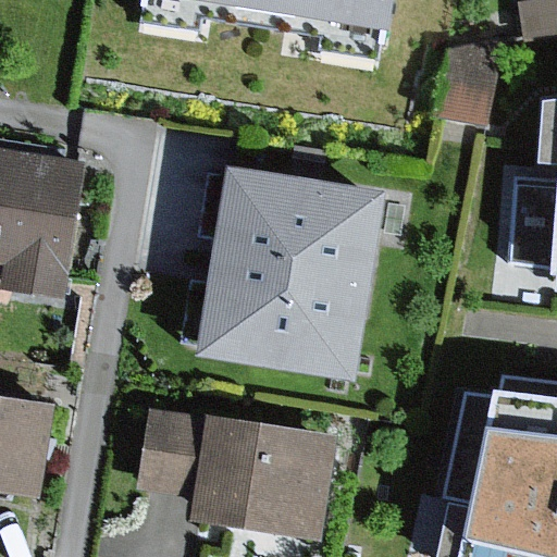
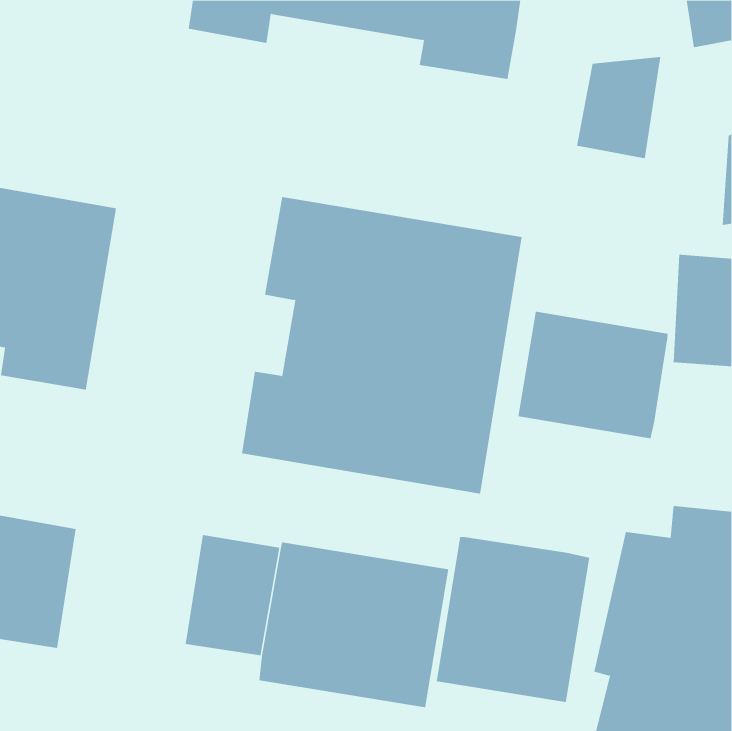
building: none -> [518,311,668,439]
building: none -> [436,536,590,703]

